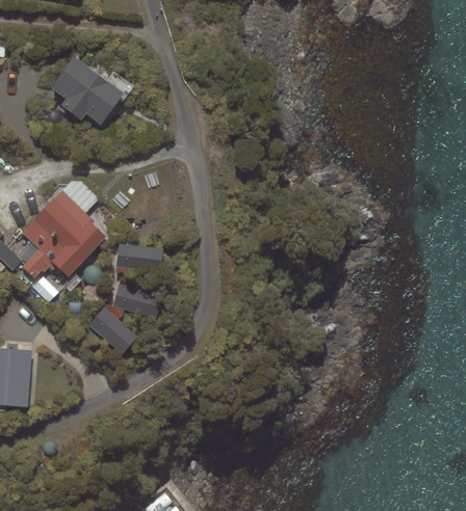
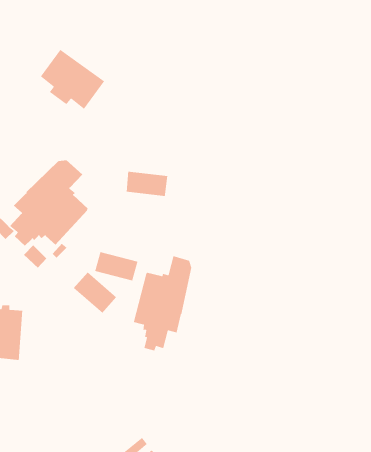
building: [115,243,163,272] -> [126,171,168,197]
building: none -> [133,255,192,352]

